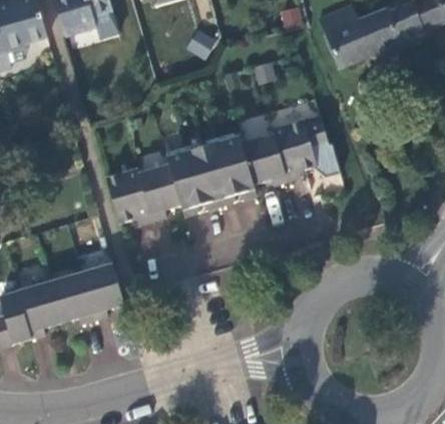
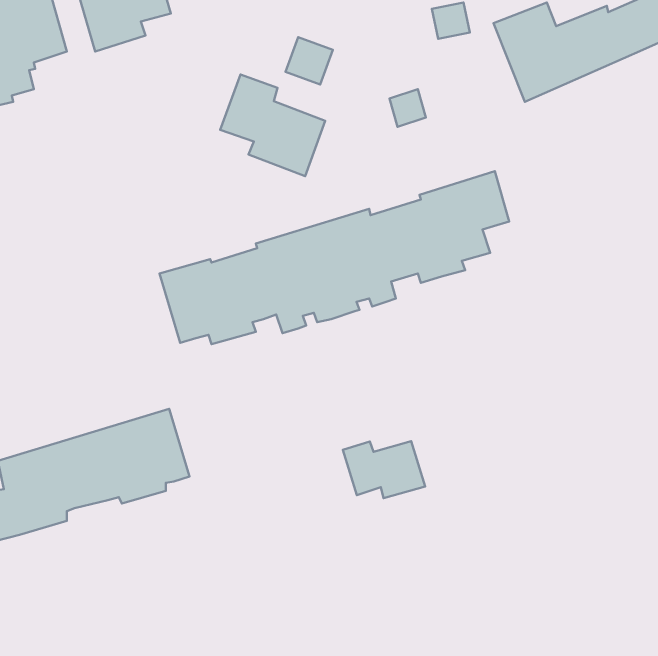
building: none -> [220,75,325,176]
building: none -> [343,441,425,498]

